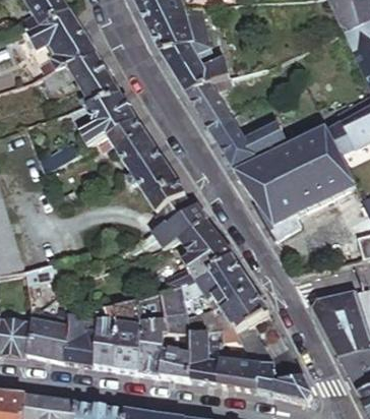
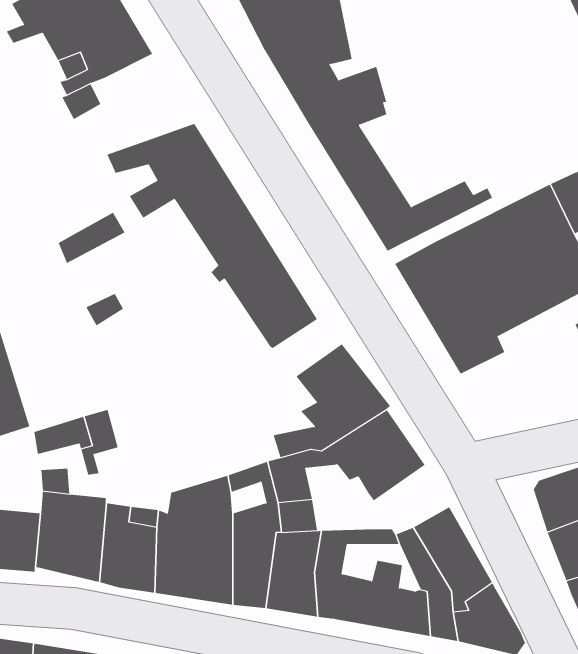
building: [66,51,119,102] -> none
building: [150,203,207,249] -> none
building: [212,292,268,333] -> none

